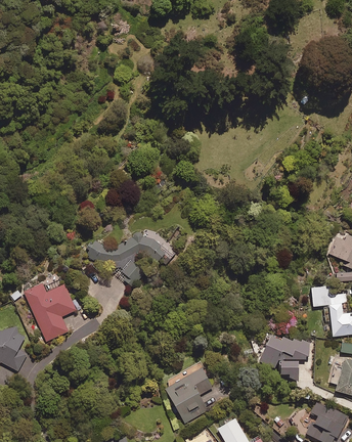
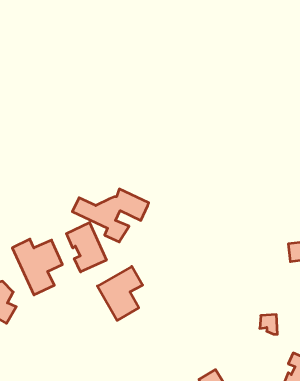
building: none -> [66,223,106,272]
building: [260,333,310,368] -> none
building: [167,367,214,424] -> [97,266,143,320]

